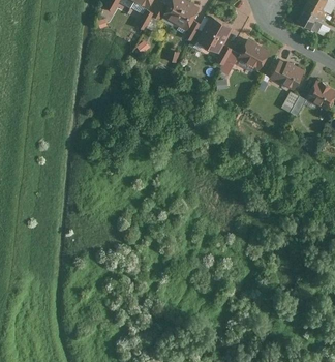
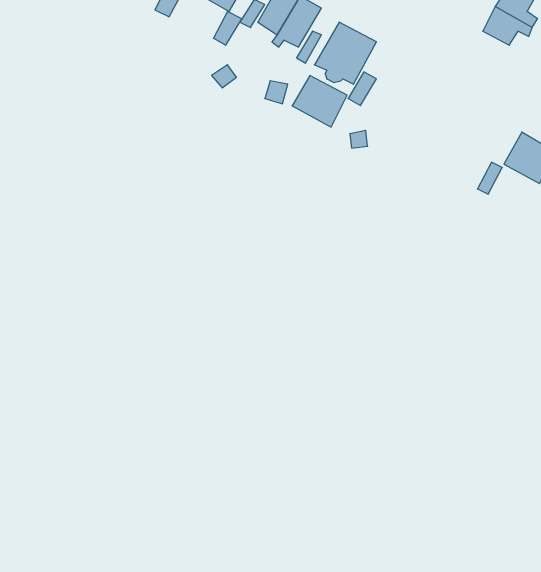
building: [237,39,269,69] -> [292,76,347,127]
building: [270,60,303,91] -> none

